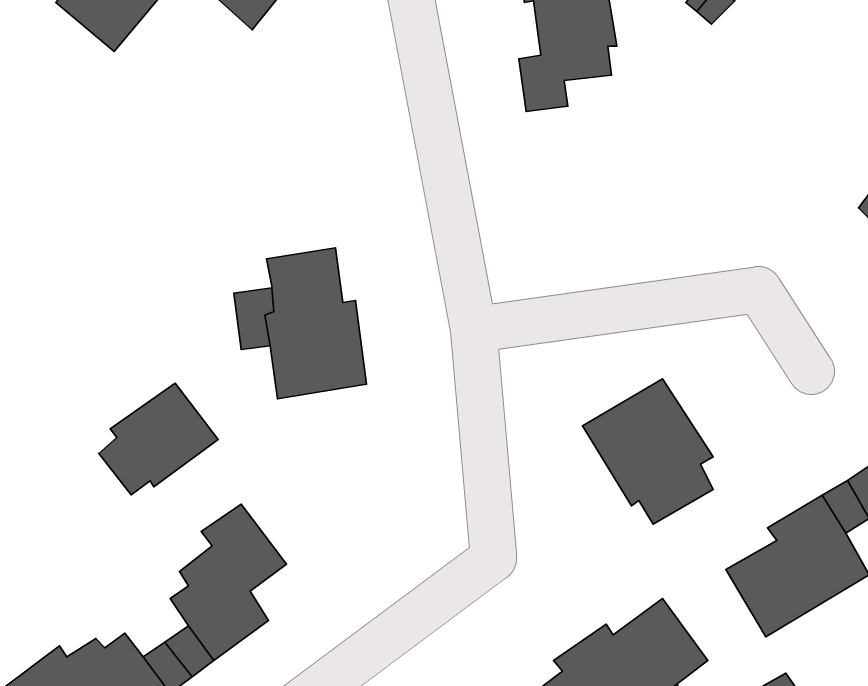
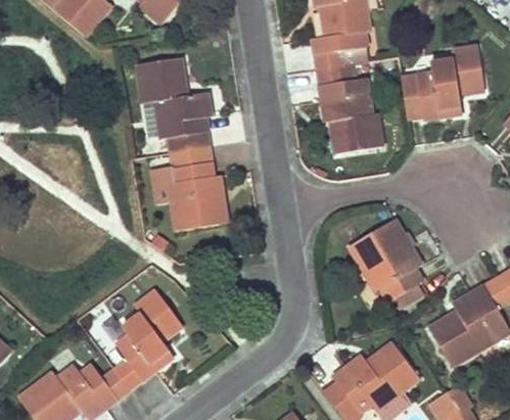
building: none -> [400,45,484,120]
building: none -> [139,58,211,151]
building: none -> [317,63,381,153]
building: [99,383,218,495] -> none

